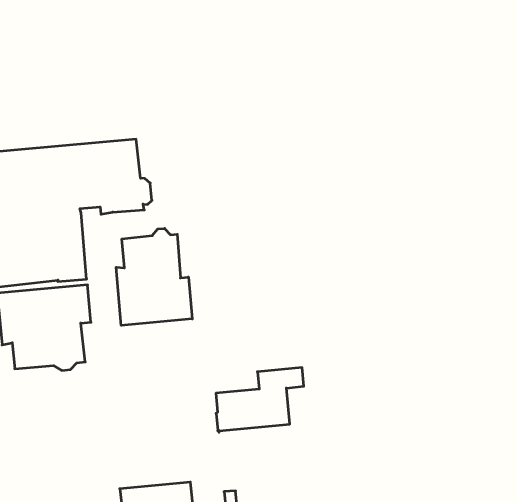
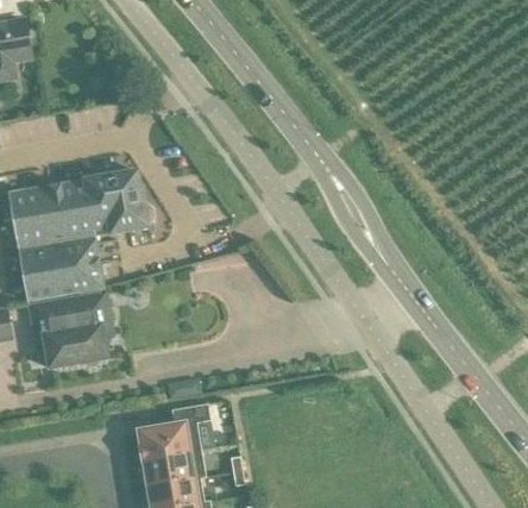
building: [116,228,192,325] -> none
building: [216,368,304,432] -> [138,404,210,463]

